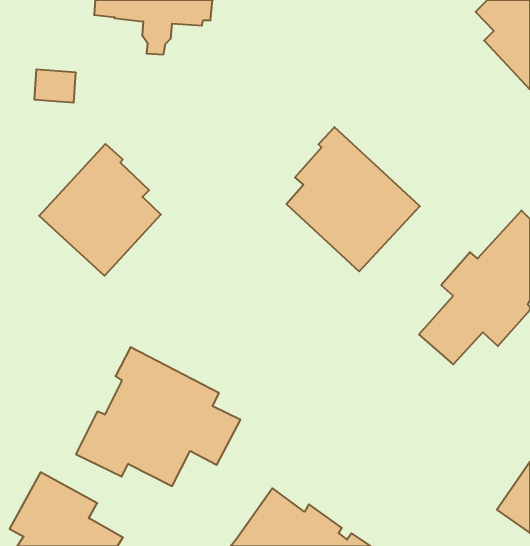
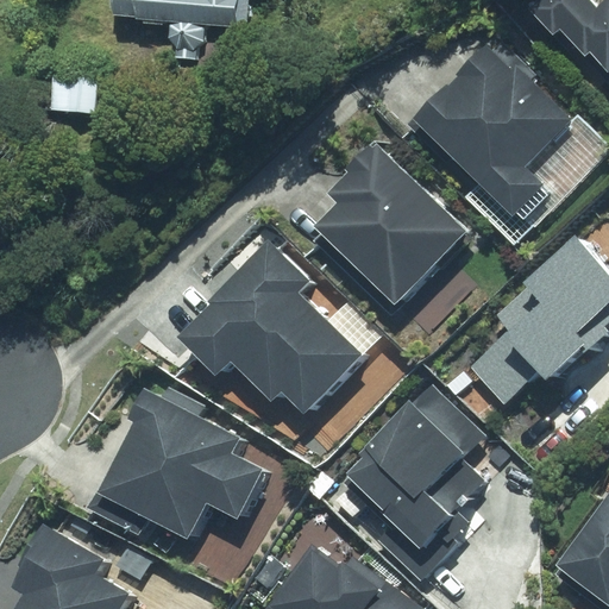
building: none -> [427,69,557,214]
building: [39,144,161,276] -> none
building: none -> [186,240,364,432]
building: none -> [350,383,481,557]

